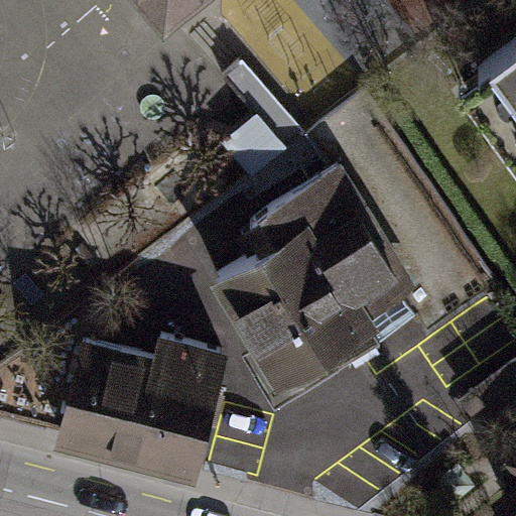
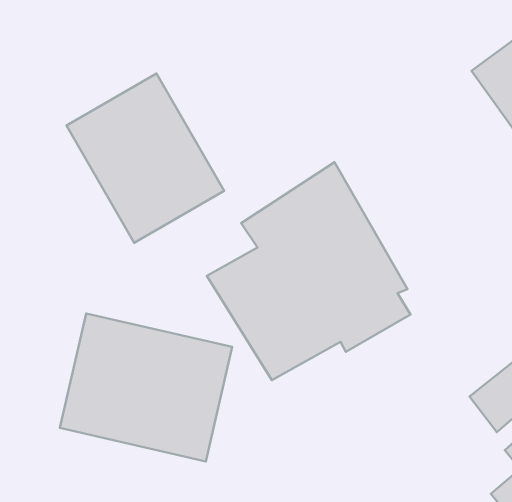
building: none -> [66,73,224,243]

